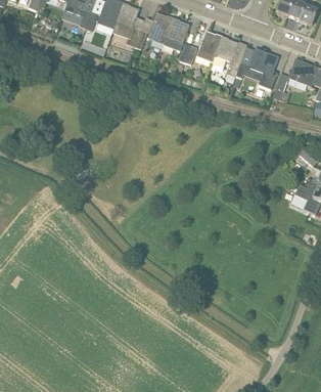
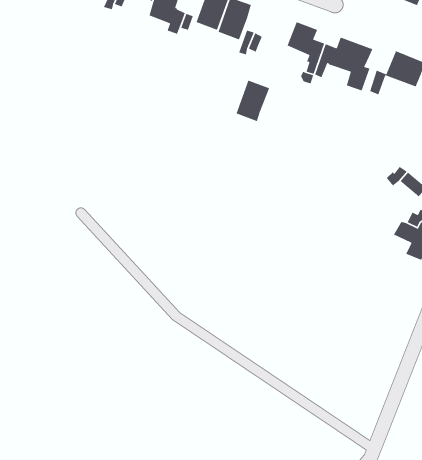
building: [196,31,222,62] -> [236,79,270,122]

